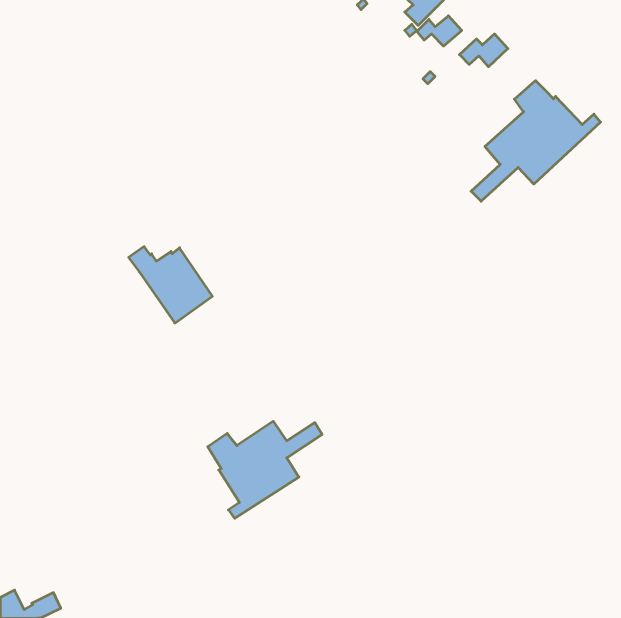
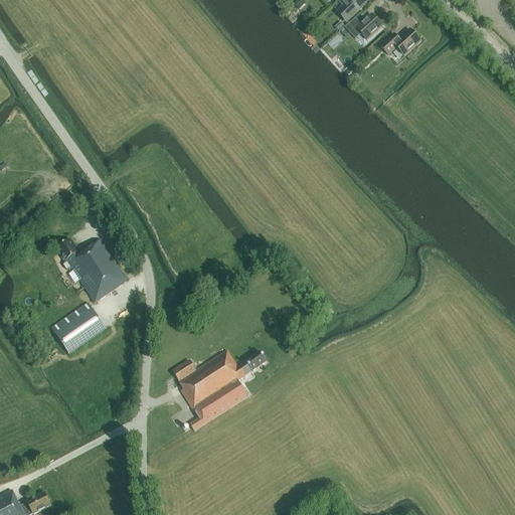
building: [471,81,601,201] -> none
building: [129,247,212,323] -> [57,238,127,302]
building: none -> [55,308,106,353]

